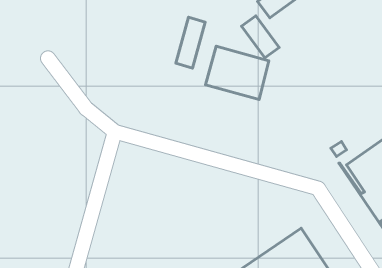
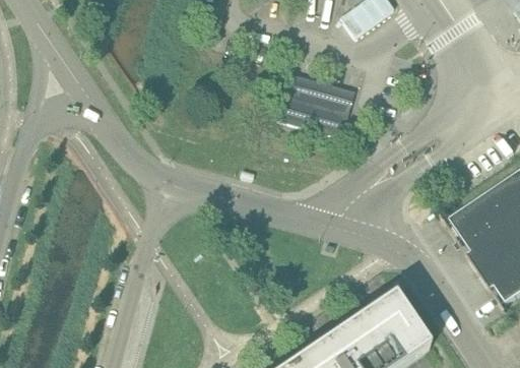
building: [242,16,279,58] -> none
building: [176,17,205,68] -> none

